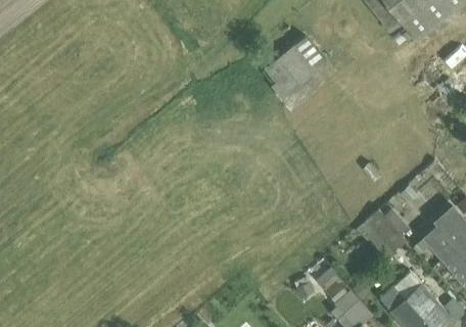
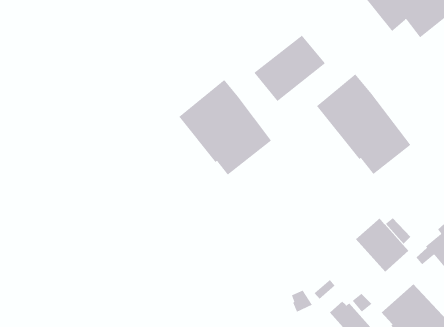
building: none -> [316,74,411,175]
building: none -> [178,79,272,176]

